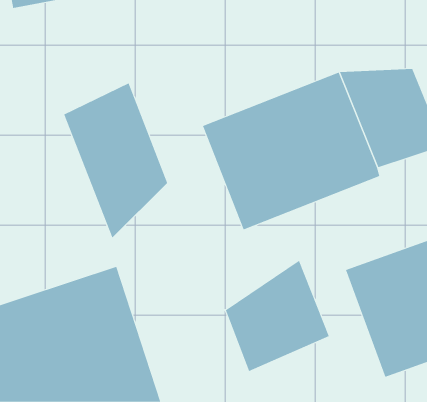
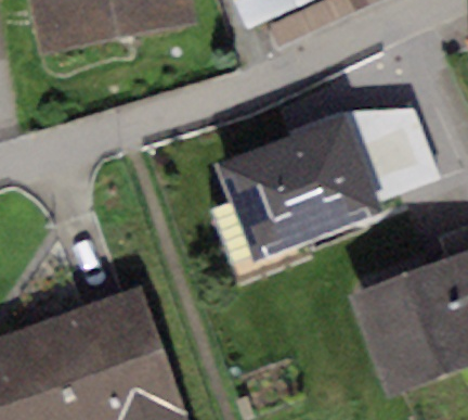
building: [63,83,168,239] -> none
building: [225,260,329,372] -> none

